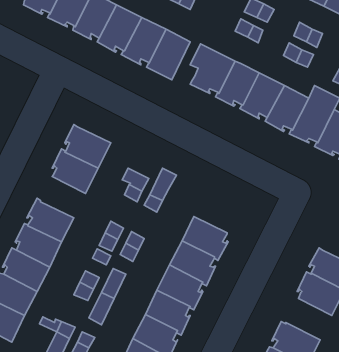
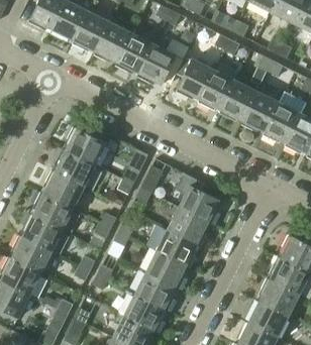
building: none -> [42,170,83,209]
building: none -> [176,172,219,225]
building: none -> [257,278,299,316]

